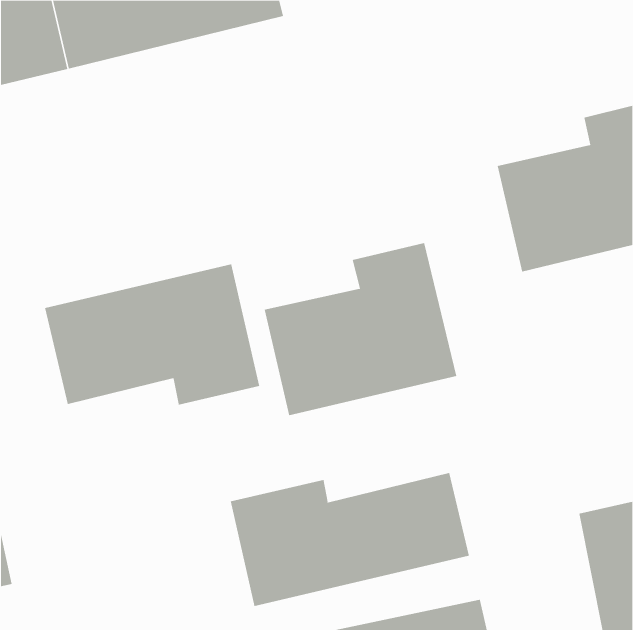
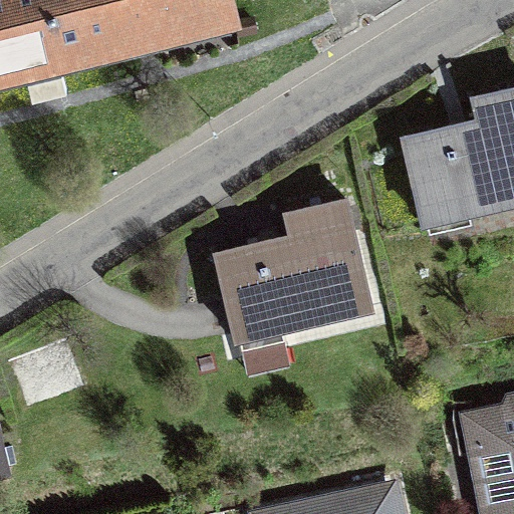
building: [44,263,260,405] -> none
building: [230,472,470,607] -> none

